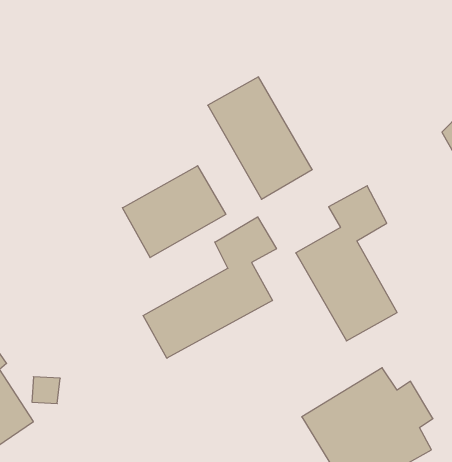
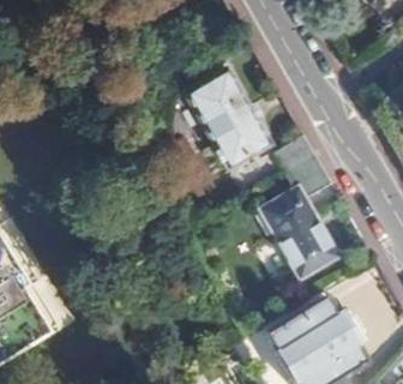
building: [122,166,226,258] -> none
building: [143,217,276,358] -> none

